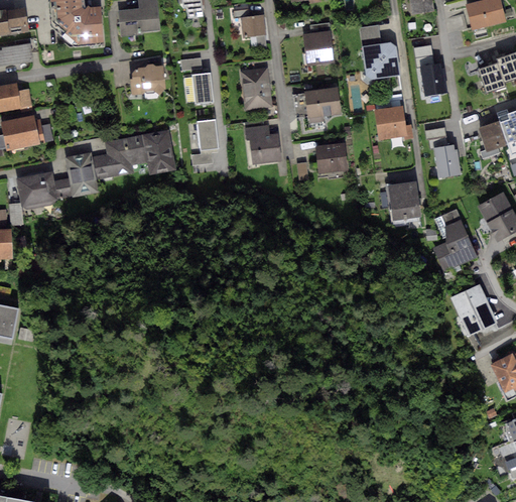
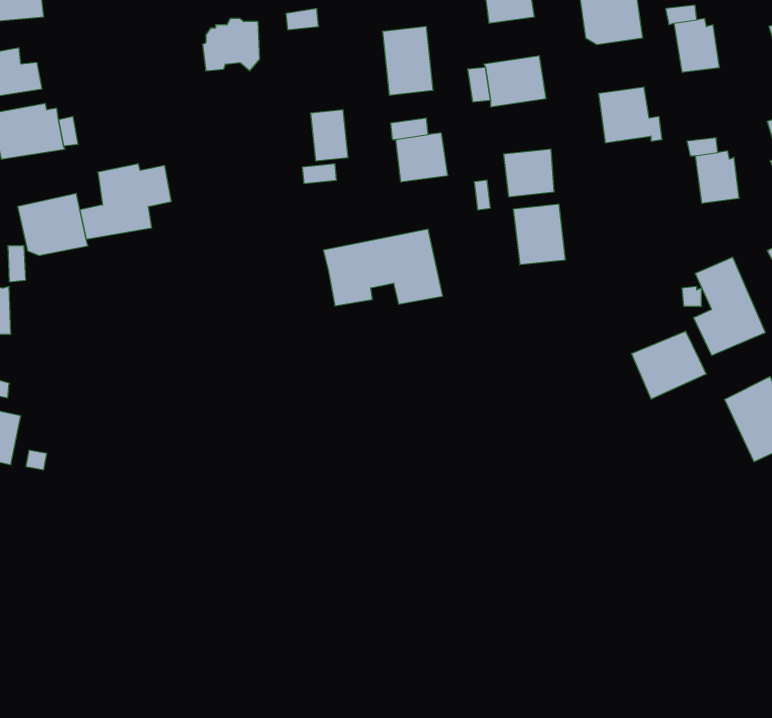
building: [191,73,214,104] -> none
building: [104,128,177,175] -> [323,229,443,306]
building: [388,181,420,219] -> [513,204,566,265]
building: none -> [631,331,706,399]

